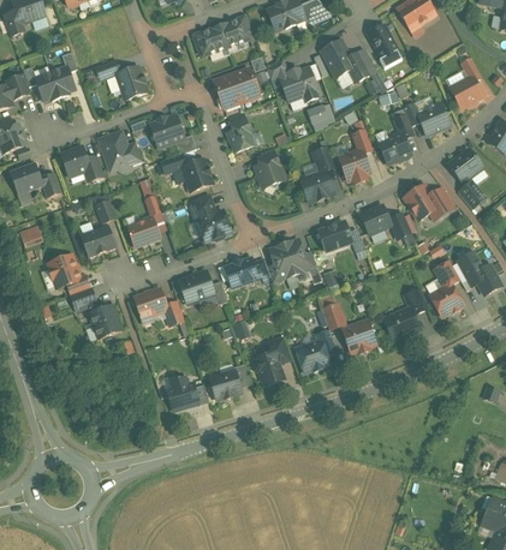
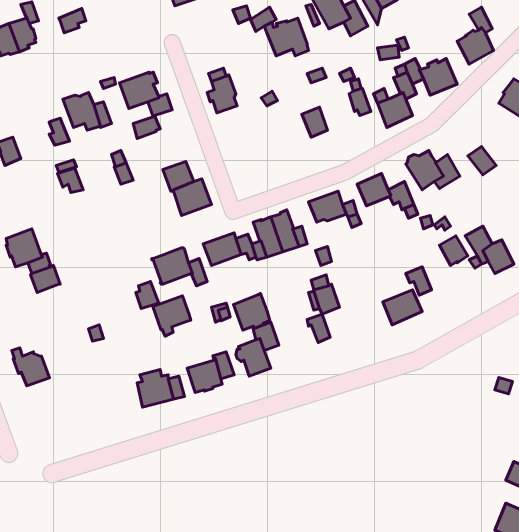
building: [115,67,147,100] -> none
building: [213,68,260,108] -> none
building: [60,147,90,177] -> none
building: [338,149,369,184] -> none
building: [448,149,482,183] -> none
building: [255,150,284,189] -> none
building: [181,159,212,191] -> none
building: [299,171,334,202] -> none
building: [127,219,160,247] -> none
building: [79,225,117,258] -> none
building: [429,283,462,316] -> none
building: [133,288,167,324] -> [153,296,191,336]
building: [88,304,121,337] -> [12,348,50,386]
building: [343,321,375,353] -> none
building: [296,340,328,372] -> [233,294,270,330]

